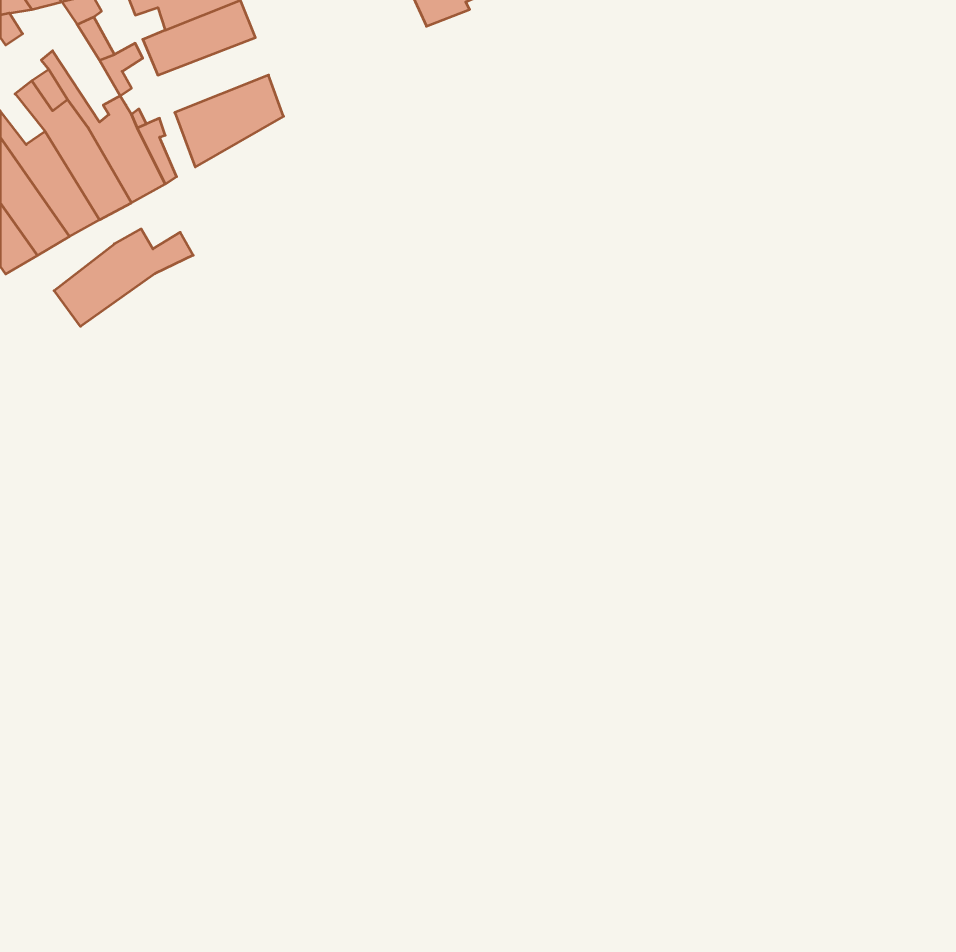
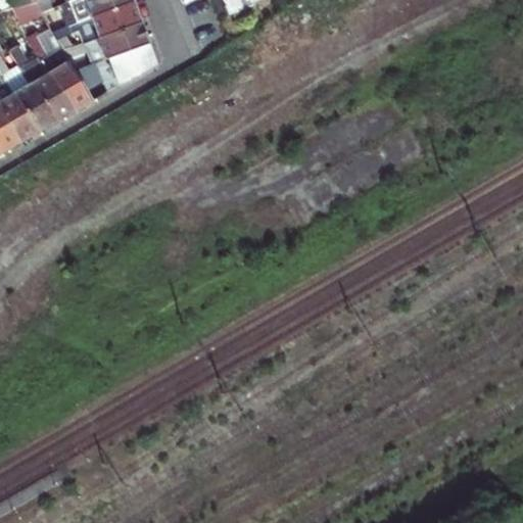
building: none -> [86,20,148,62]
building: [54,229,193,326] -> none

